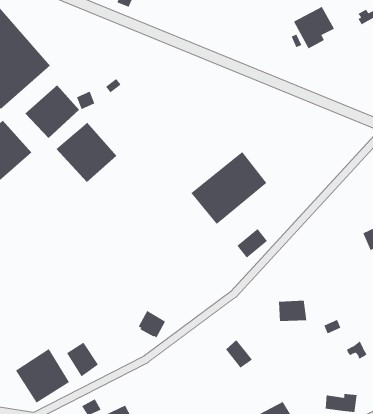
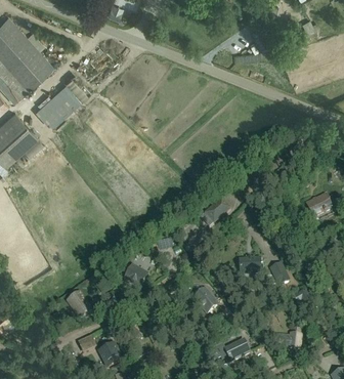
building: [56,122,117,183] -> none
building: [191,151,267,225] -> none
building: [15,348,70,403] -> none

